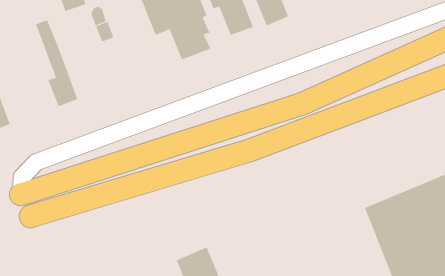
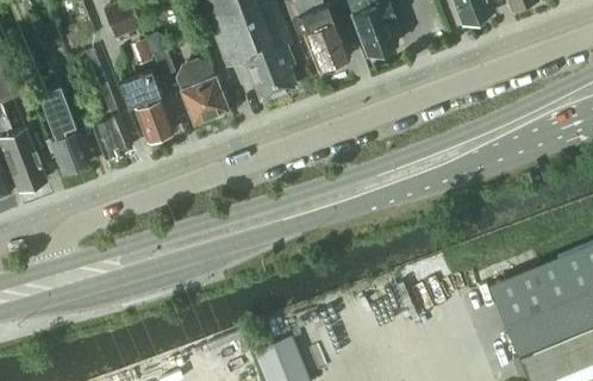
building: none -> [175,61,227,126]
building: none -> [119,70,175,144]
building: none -> [42,88,89,176]

